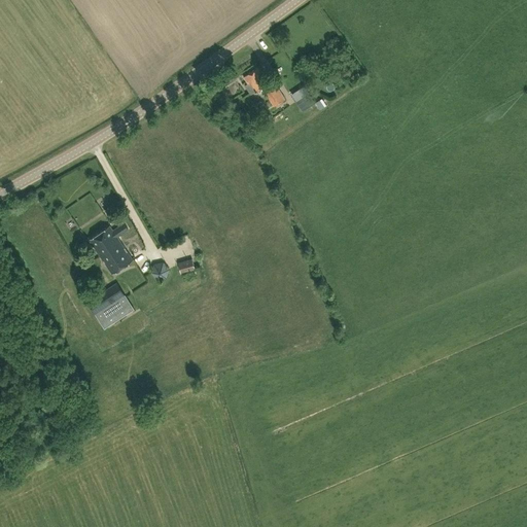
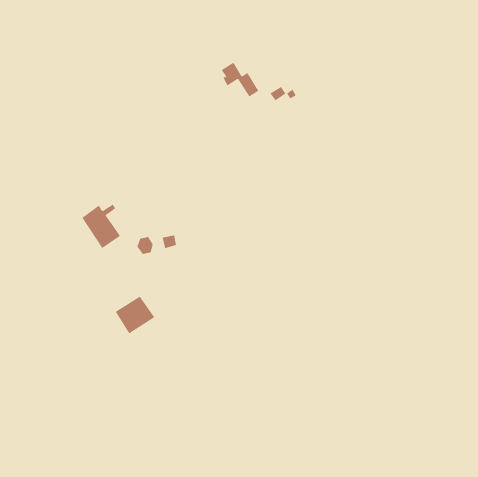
building: [89,284,133,326] -> [115,296,155,334]

